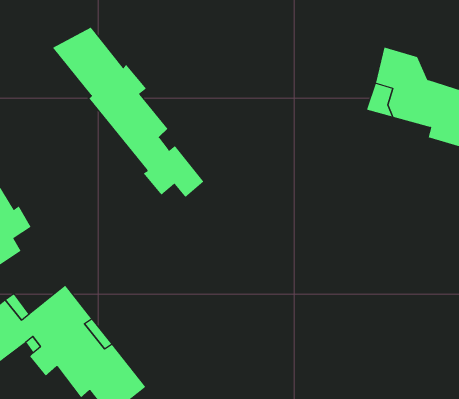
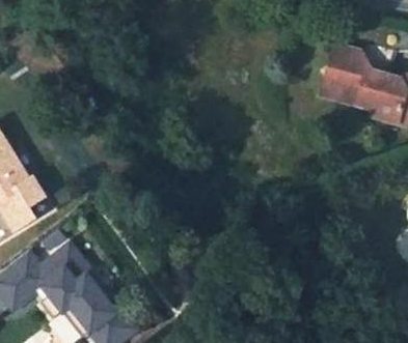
building: [52,27,204,198] -> none

